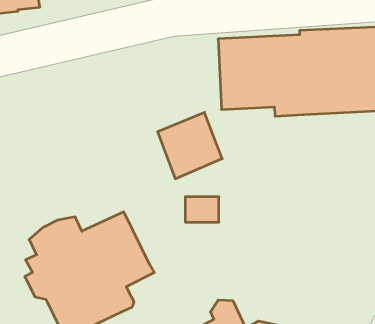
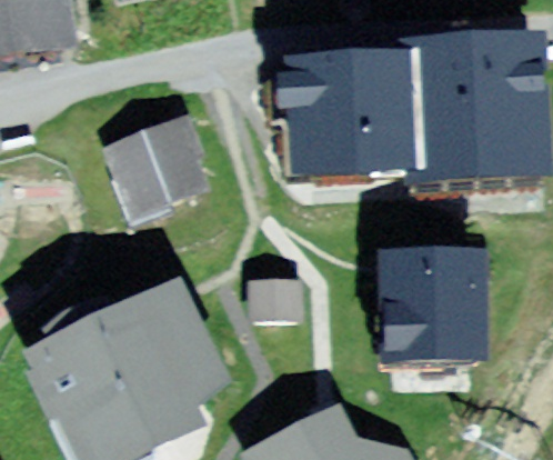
building: [158,112,222,179] -> [114,121,200,209]
building: none -> [393,248,490,366]

